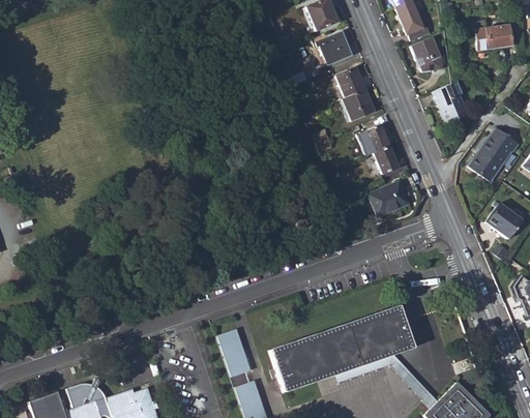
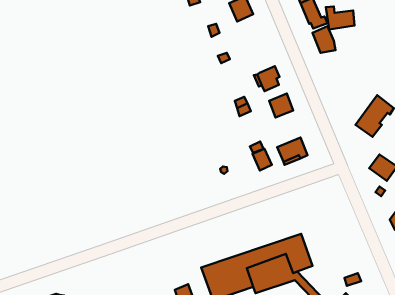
building: [474,20,511,50] -> [326,6,355,30]
building: [315,31,351,66] -> none
building: [336,66,365,97] -> none
building: [435,81,469,123] -> none
building: [374,146,399,174] -> [252,149,272,171]
building: [219,325,253,372] -> none

